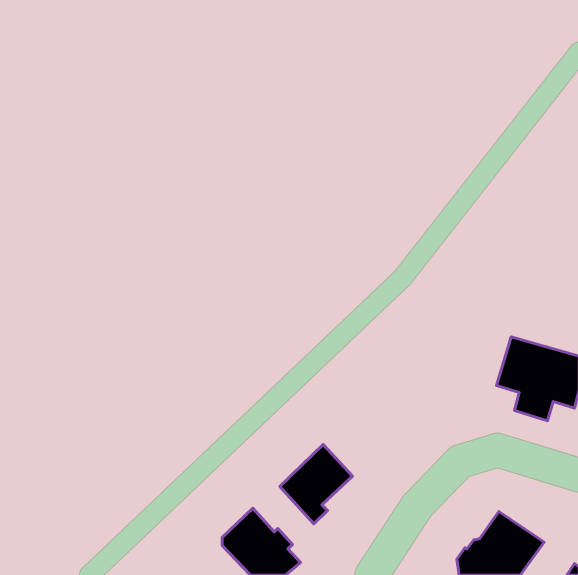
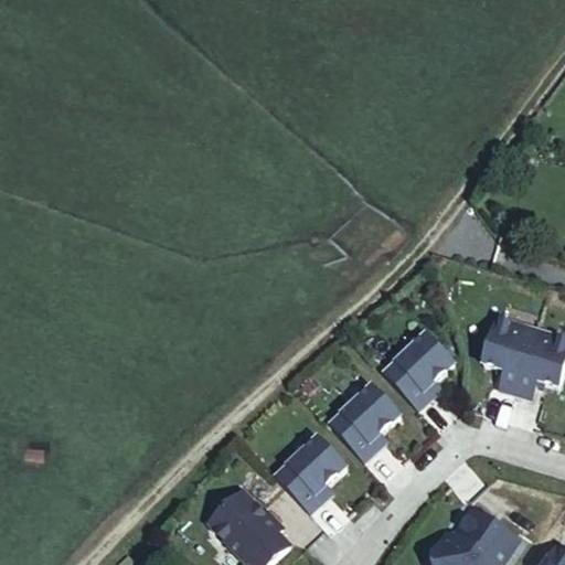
building: none -> [382,330,452,406]
building: none -> [328,382,398,458]

